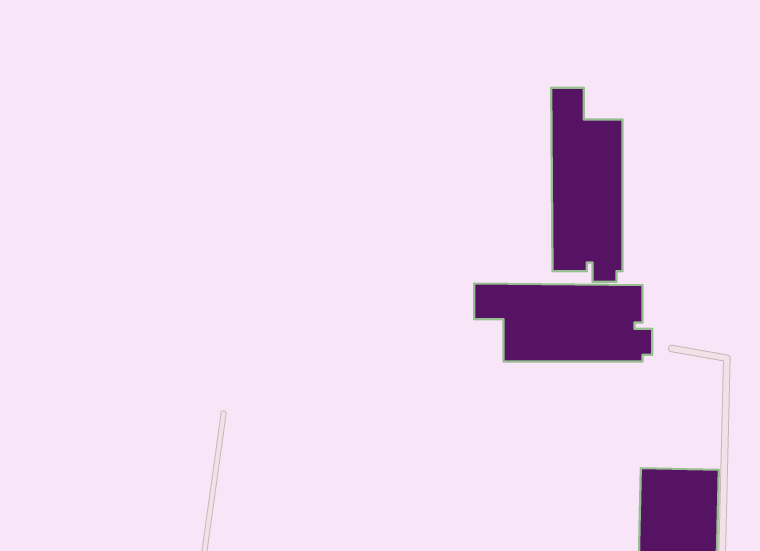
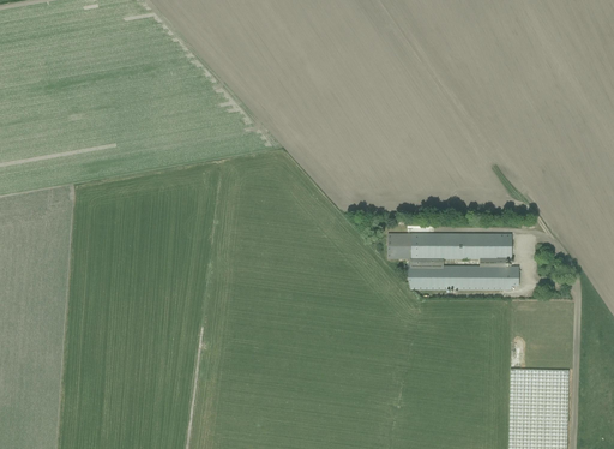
building: [551,88,622,282] -> none

